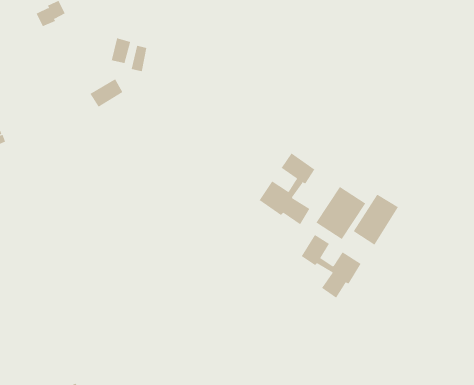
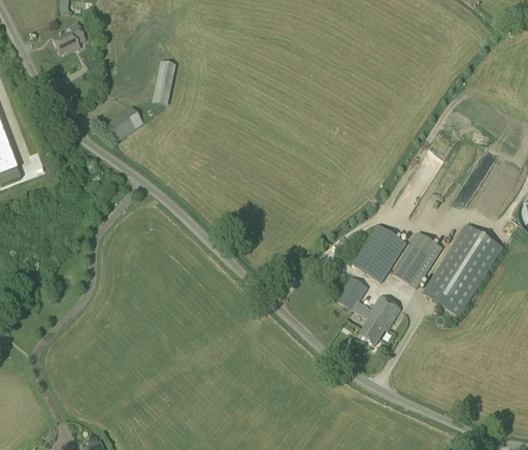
building: [111,38,131,64] -> none
building: [259,152,315,225] -> none
building: none -> [423,223,502,316]

